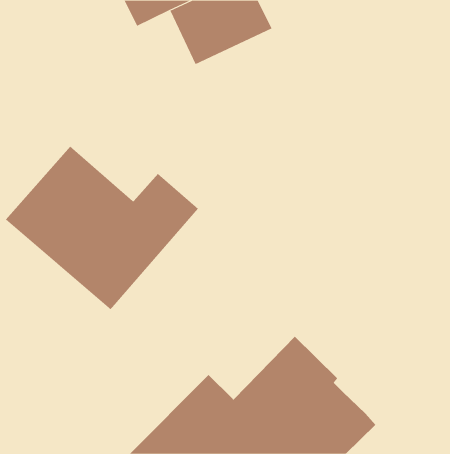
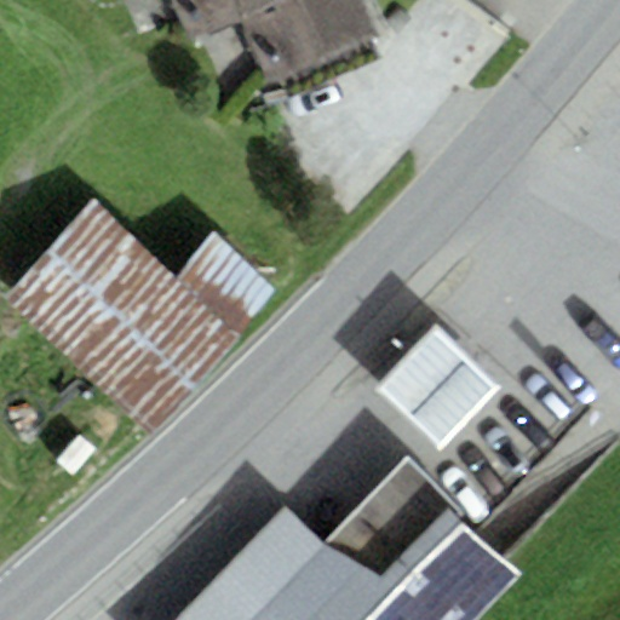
building: none -> [375,325,498,447]

